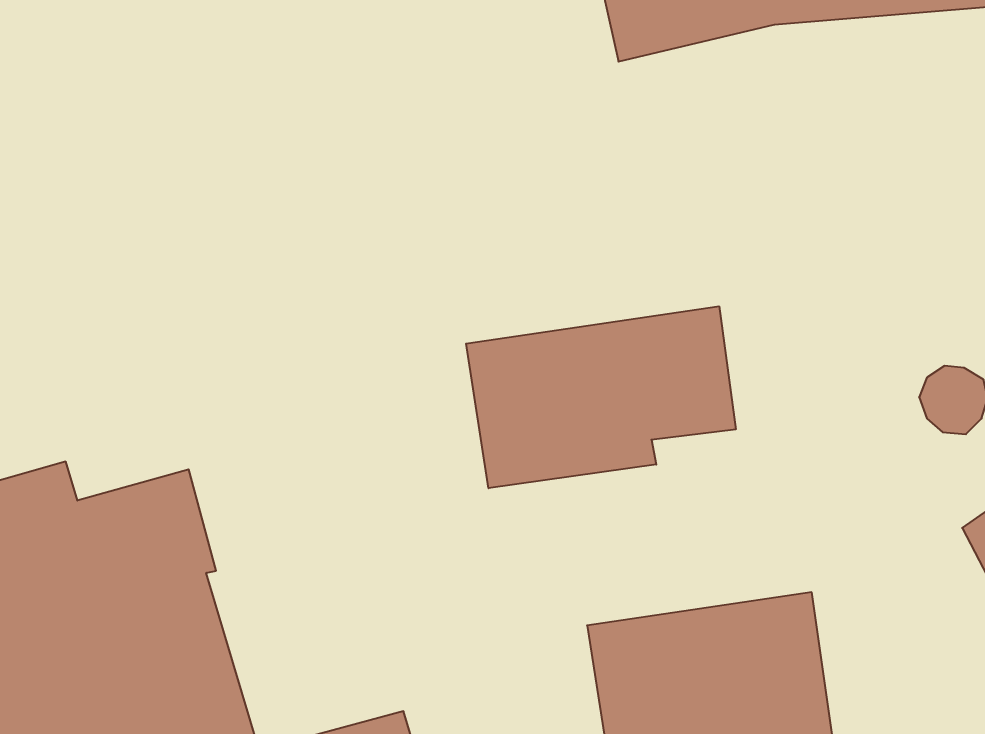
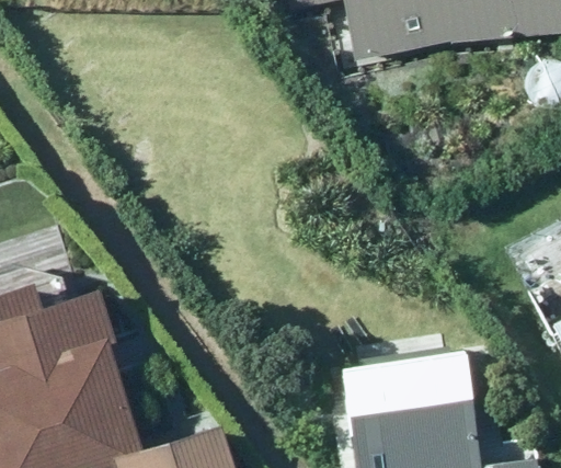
building: [466,306,736,488] -> none

